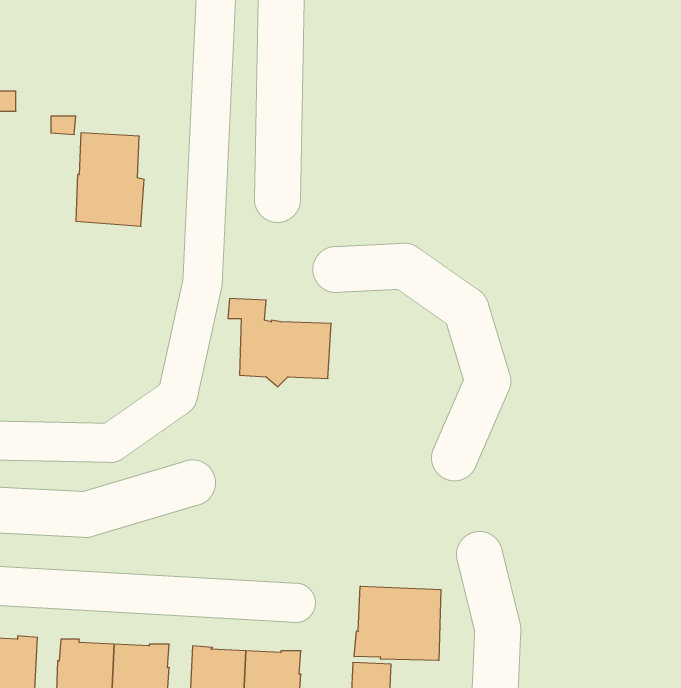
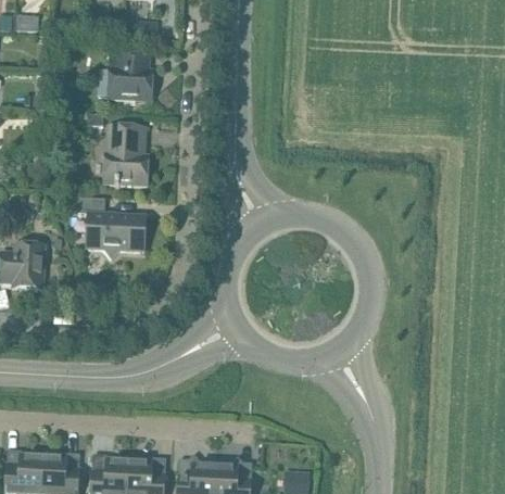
building: none -> [108,54,152,100]
building: [228,299,331,387] -> [78,199,146,256]
building: [354,586,441,661] -> none

